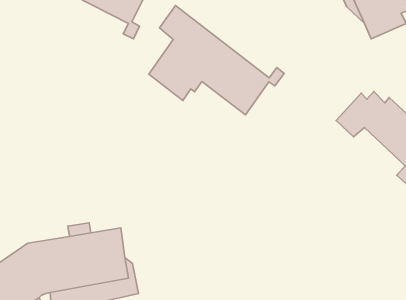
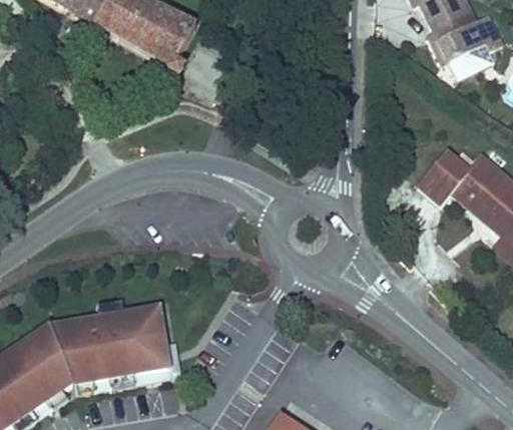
building: [149,5,284,115] -> none

